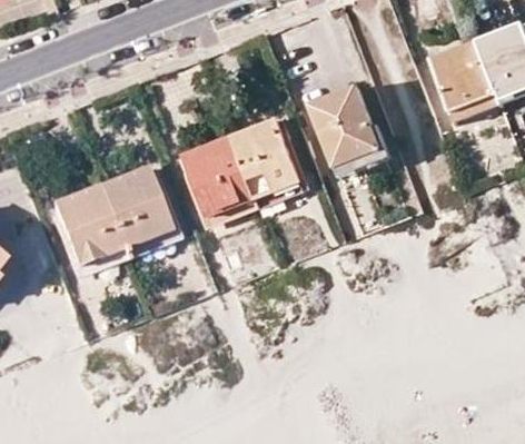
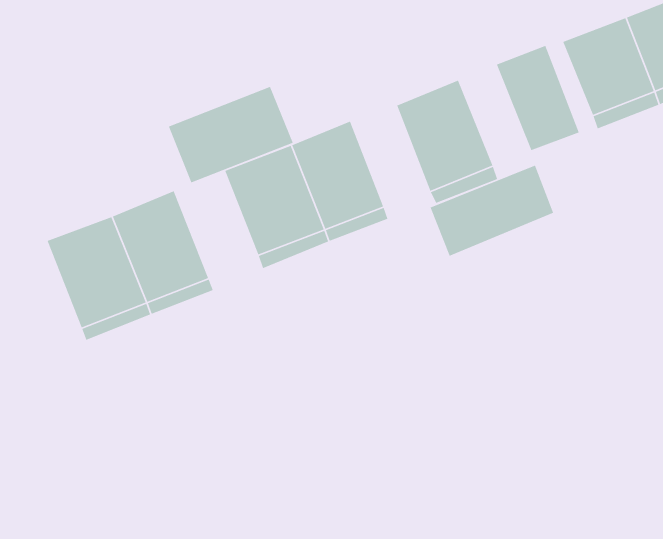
building: none -> [496,45,580,151]
building: none -> [168,86,294,184]
building: none -> [429,165,554,257]

